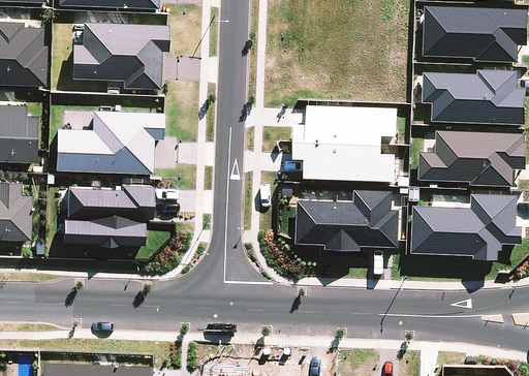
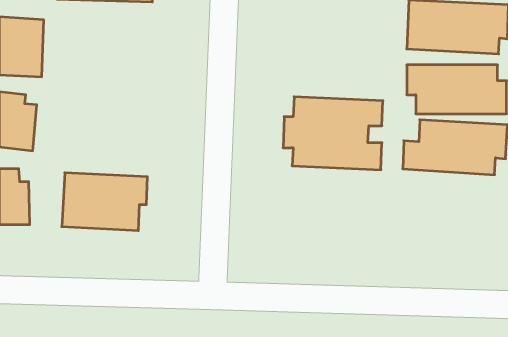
building: [71,22,168,88] -> none
building: [56,109,163,173] -> none
building: [295,191,400,250] -> none
building: [410,194,522,259] -> none

